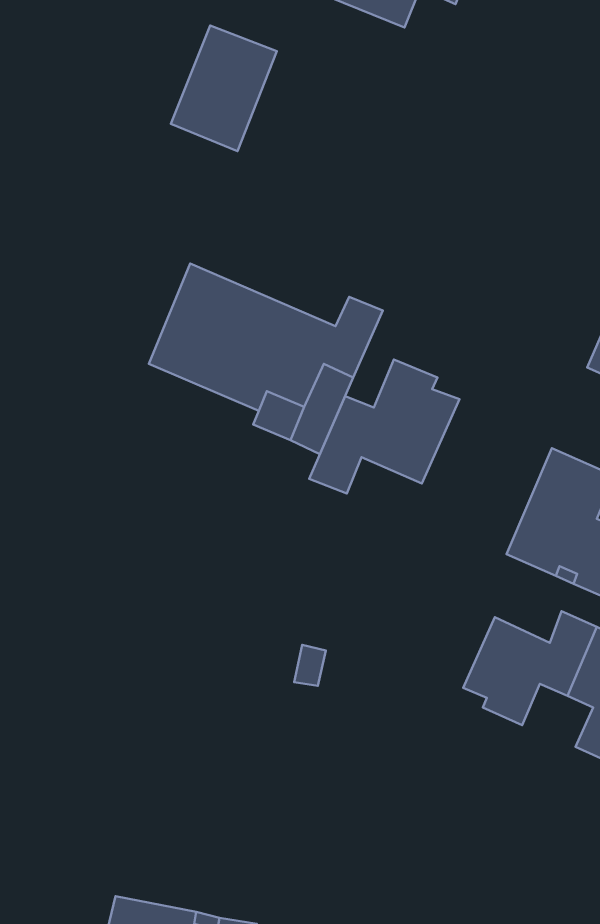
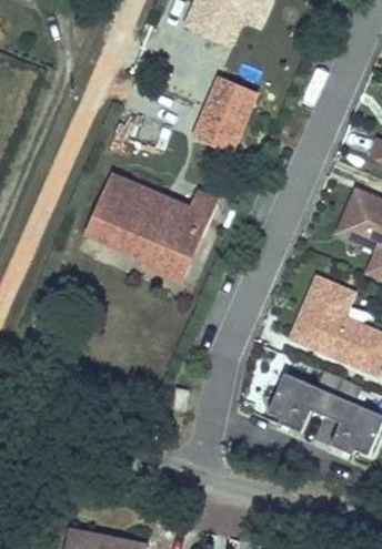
building: [171,26,277,151] -> [198,81,258,152]
building: [309,360,459,494] -> none

